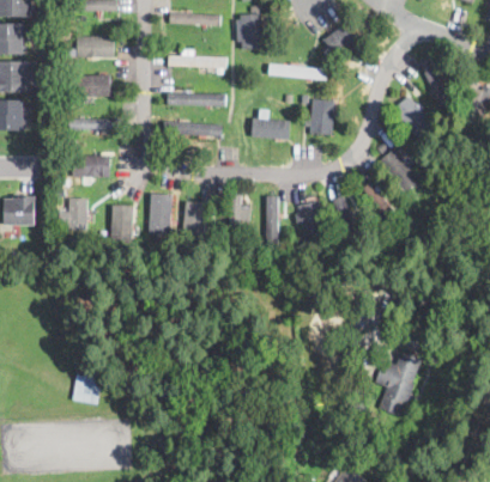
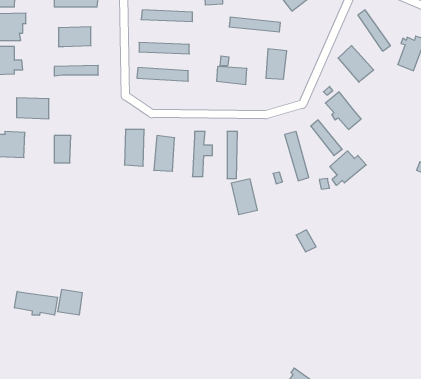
building: [72,154,109,178] -> [17,98,49,119]
building: [297,201,327,242] -> [231,179,257,215]
building: none -> [330,151,366,185]
building: [102,220,131,243] -> none
building: [377,350,421,415] -> none
building: none -> [15,291,58,315]

